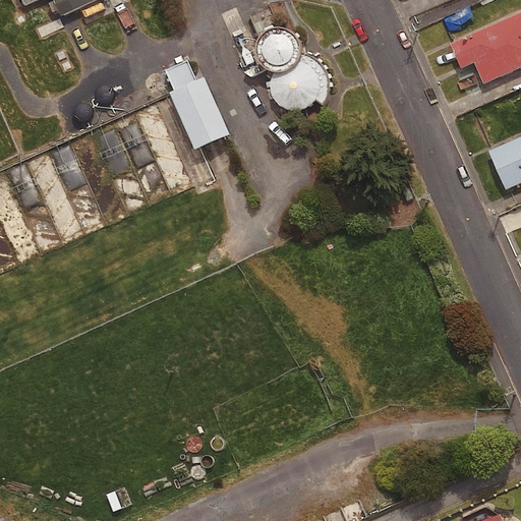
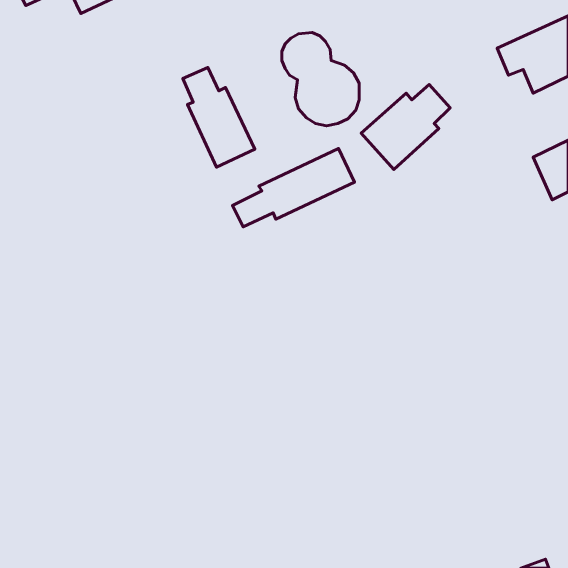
building: none -> [361,84,450,170]
building: none -> [233,148,354,227]

